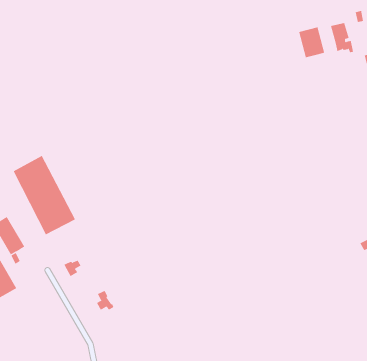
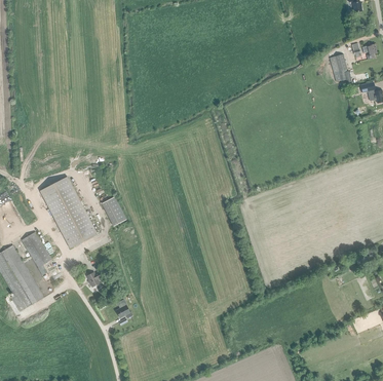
building: [299,27,325,58] -> none
building: none -> [101,195,124,225]

